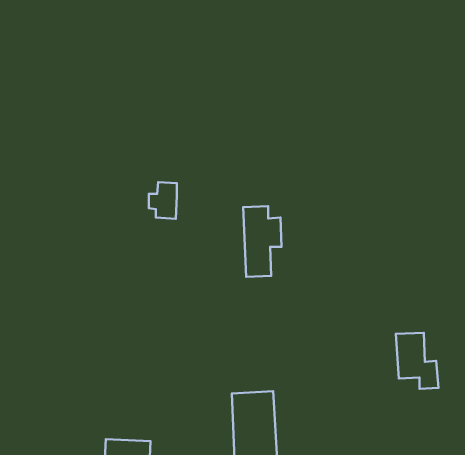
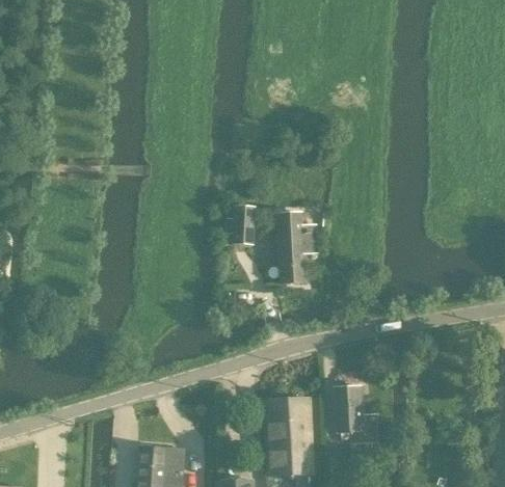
building: [149,182,177,219] -> [229,207,257,243]
building: [396,333,438,389] -> [339,386,381,442]

